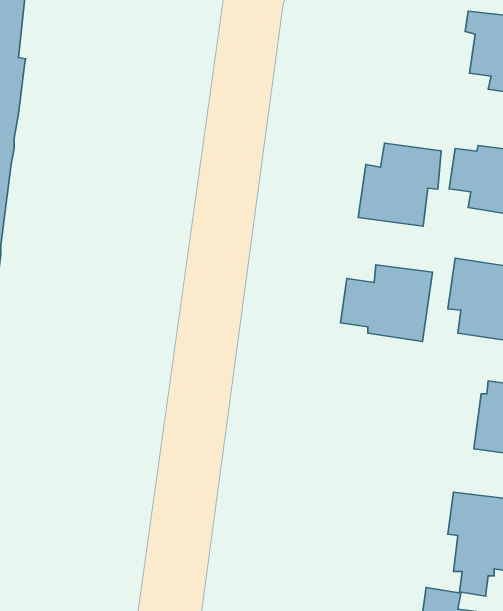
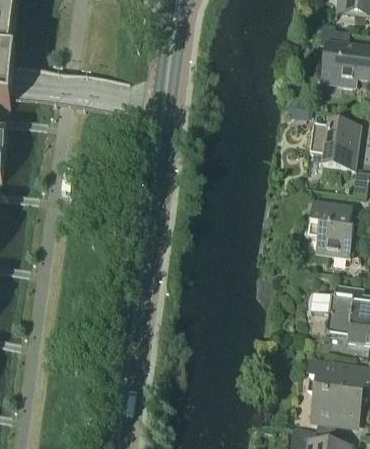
building: [358,143,441,226] -> none
building: [341,265,433,341] -> none

